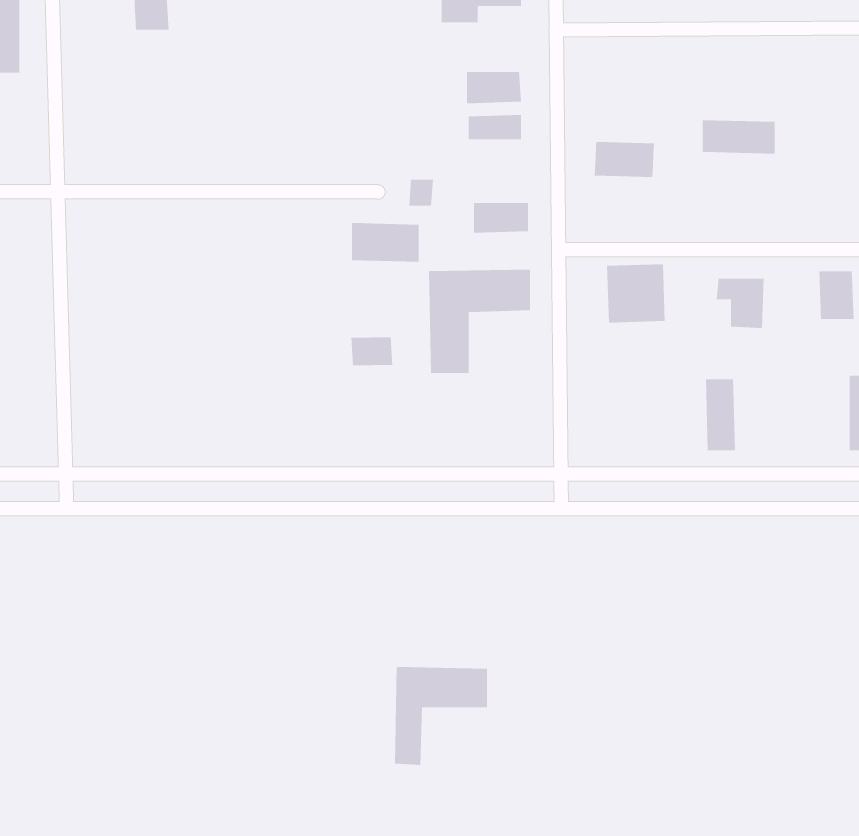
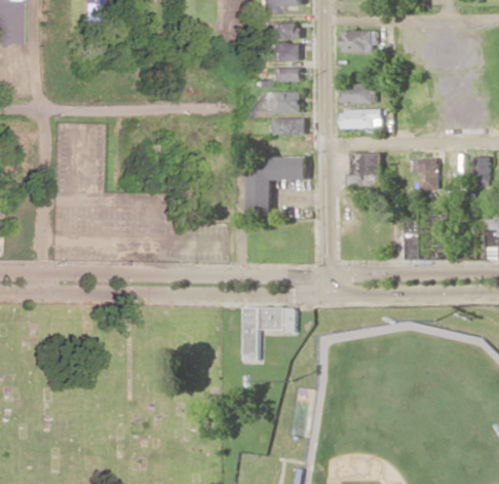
building: none -> [270,24,299,40]
building: none -> [341,31,376,53]
building: [702,120,775,154] -> [341,110,383,129]
building: [351,223,420,262] -> [262,91,301,114]
building: [351,336,393,366] -> none
building: [394,667,488,766] -> [241,307,295,364]

